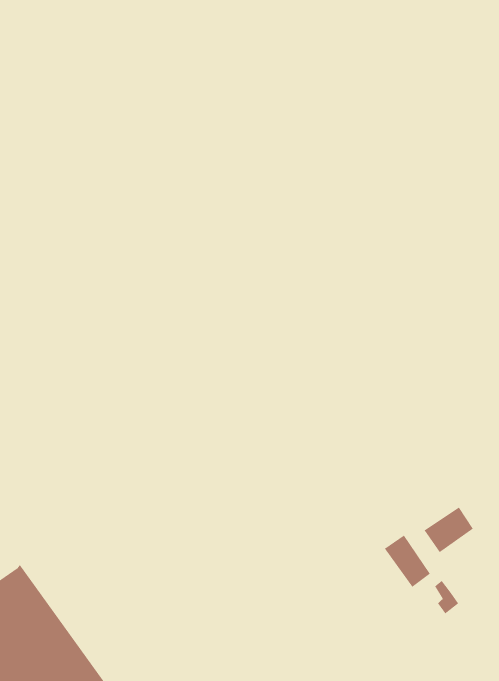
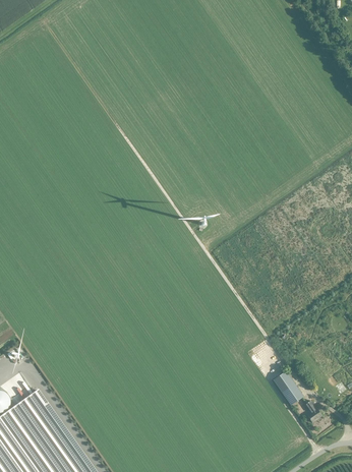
building: [424,507,474,553] -> none

